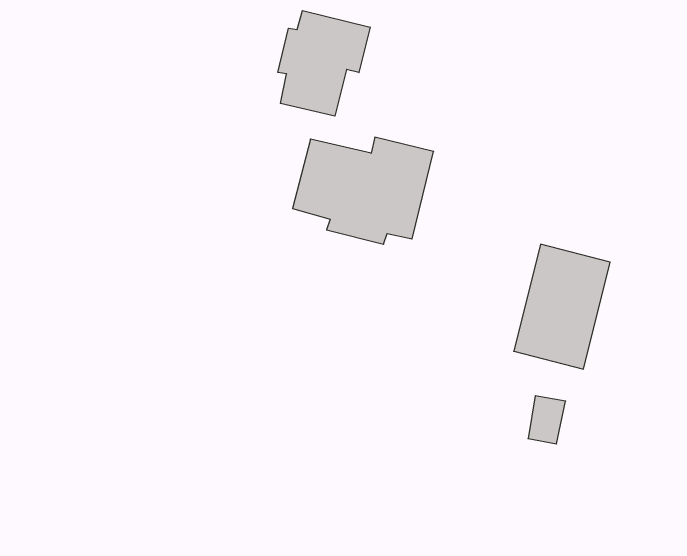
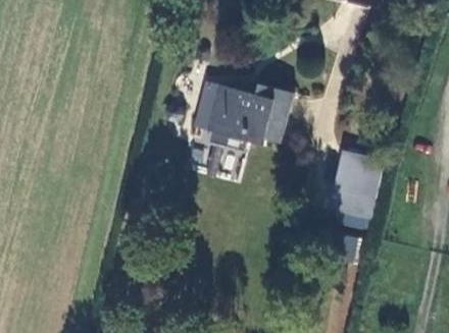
building: [278,11,370,116] -> none

